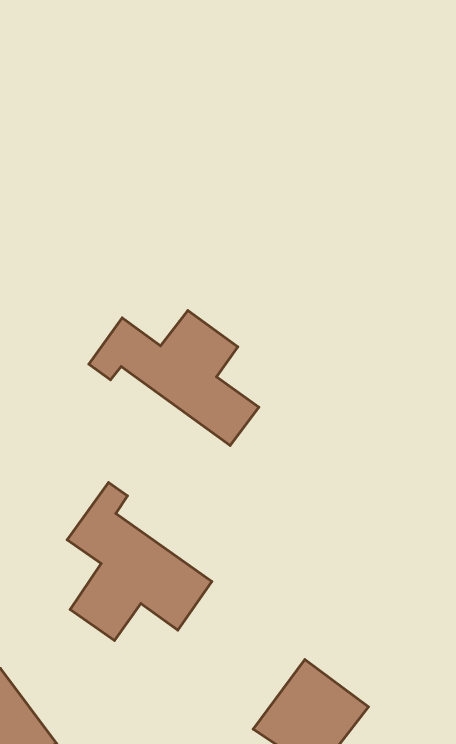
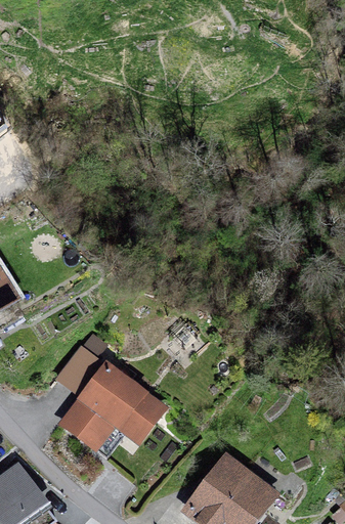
building: [89,310,259,445] -> none

